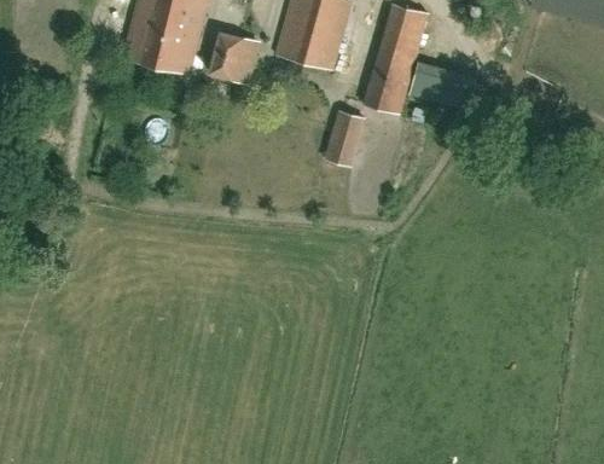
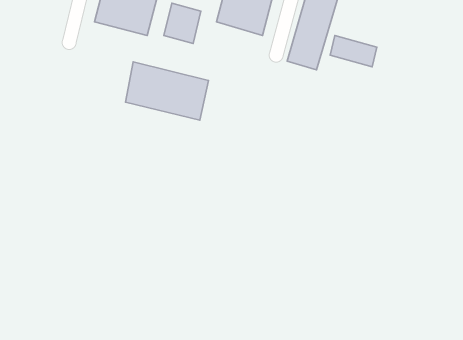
building: none -> [126,62,209,120]
building: [323,111,364,166] -> none

